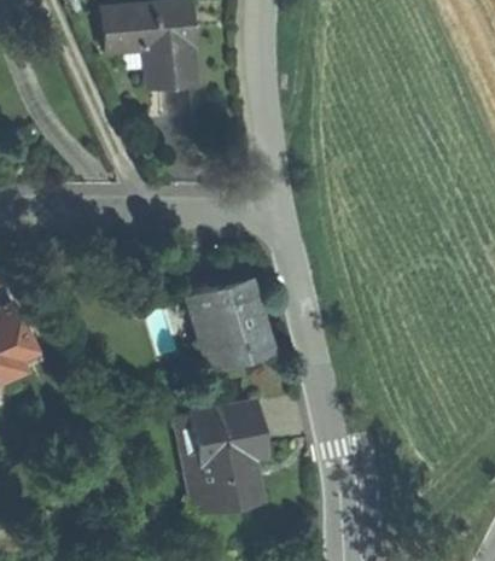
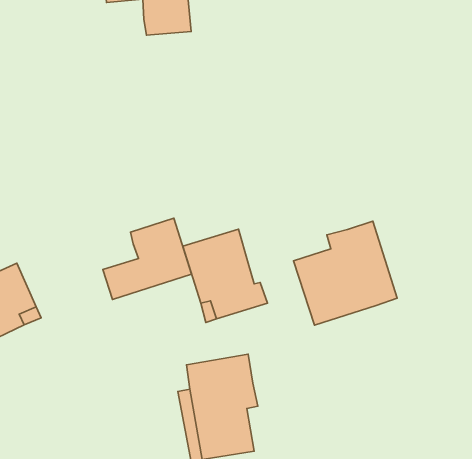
building: none -> [103,218,191,299]
building: none -> [293,221,397,325]

